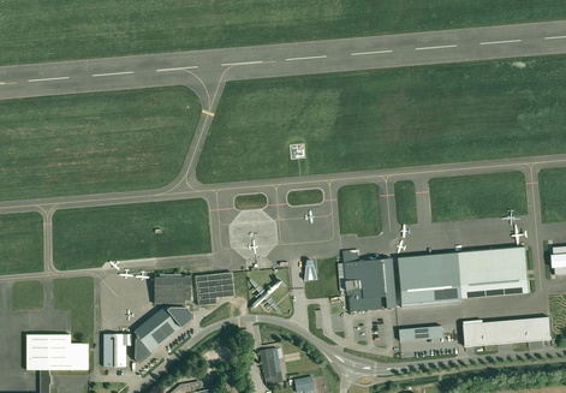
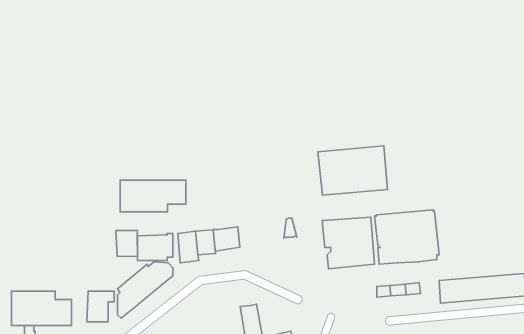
building: none -> [120,180,186,212]
building: [458,246,529,297] -> [318,146,387,195]
building: none -> [213,227,240,251]
building: none -> [116,230,138,257]

